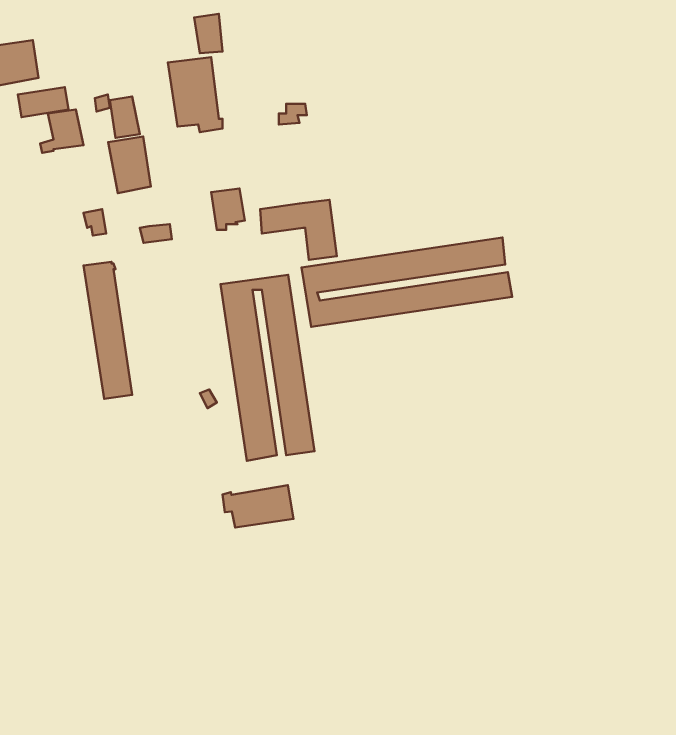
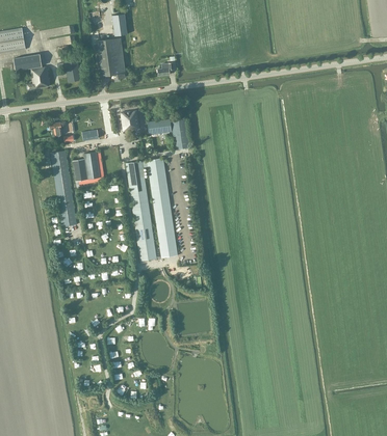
building: [108,137,151,193] -> none
building: [302,238,512,327] -> none
building: none -> [74,152,101,181]
building: [222,485,293,527] -> none

